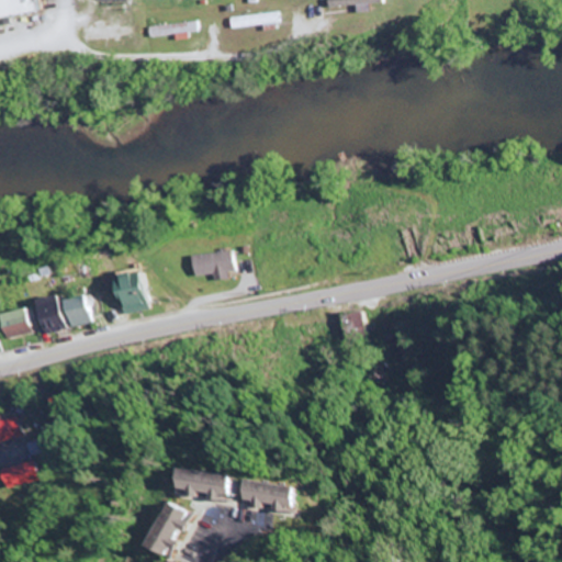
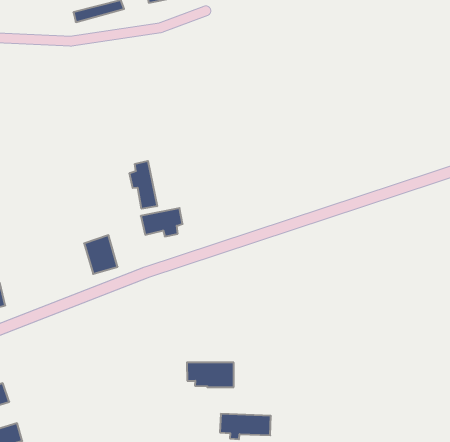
building: none -> [130,161,157,209]
building: [34,296,87,331] -> none
building: [178,469,231,502] -> [187,362,234,387]

